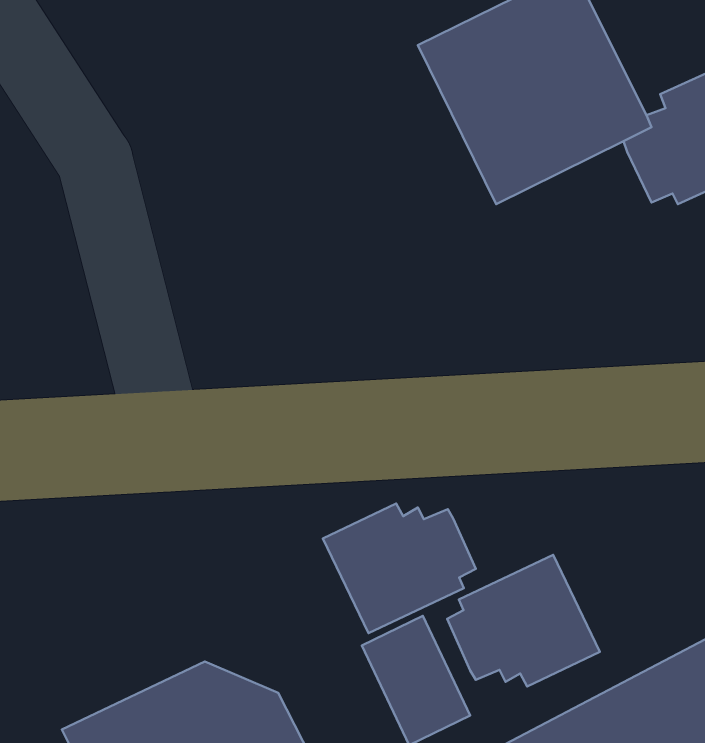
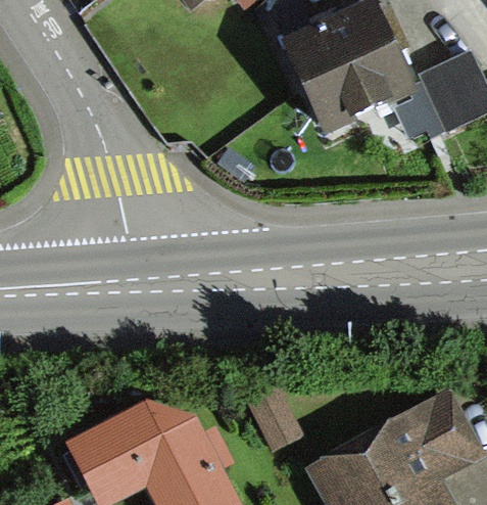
building: [323,503,476,633] -> none
building: [447,555,600,687] -> none

